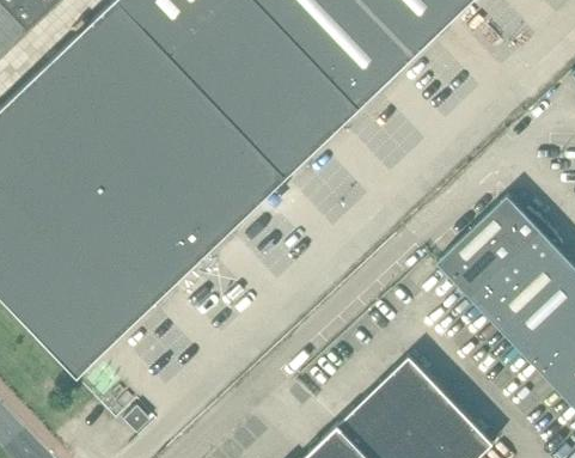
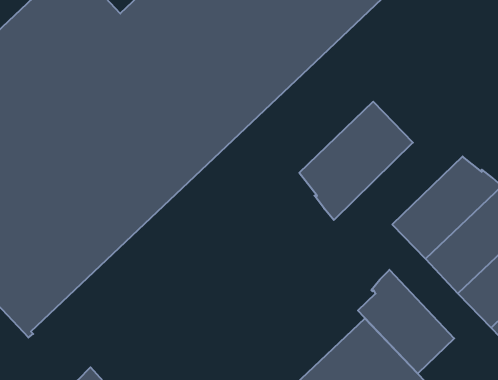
building: none -> [299,102,413,220]
building: none -> [358,270,454,374]

